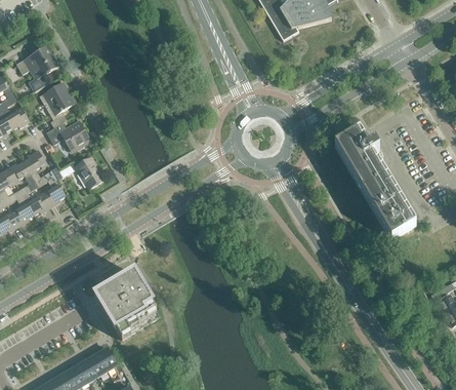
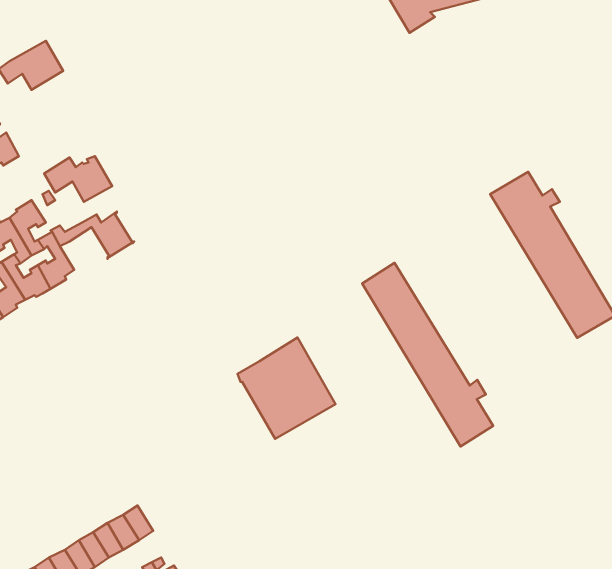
building: [39,81,75,126] -> none
building: none -> [362,263,493,446]
building: [96,272,160,338] -> [237,338,335,439]

